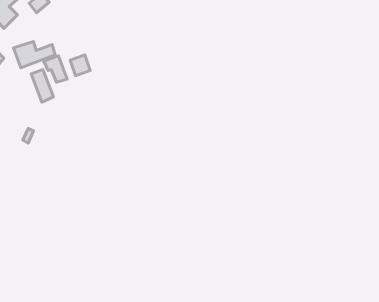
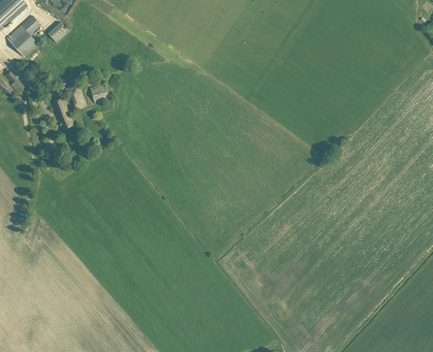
building: [13,41,55,68] -> none

